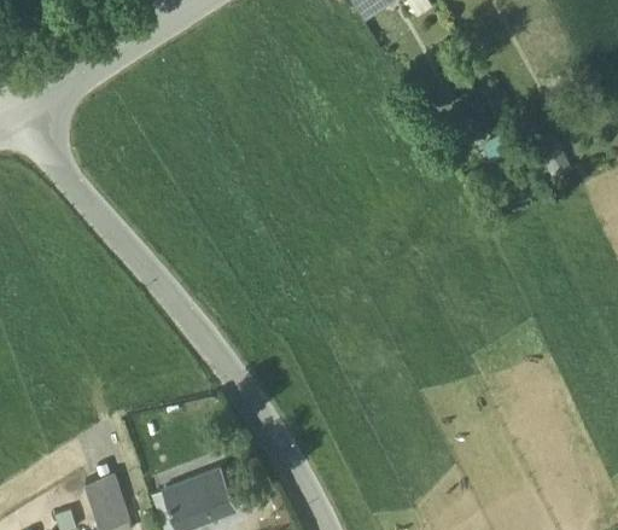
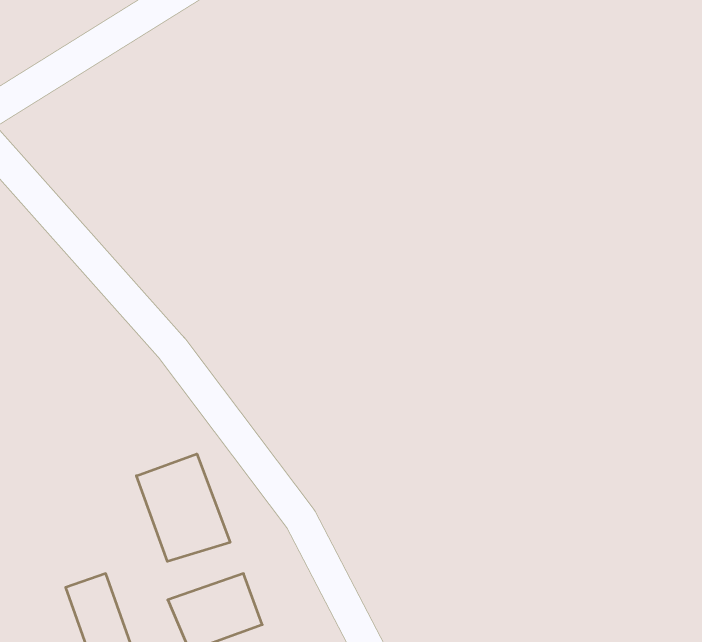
building: none -> [136,454,230,561]

